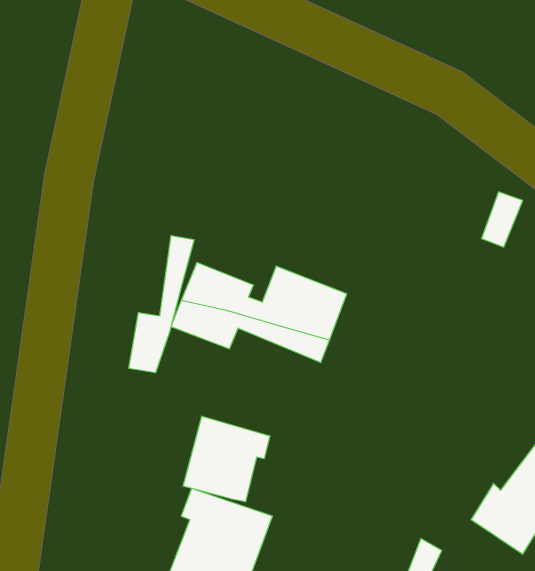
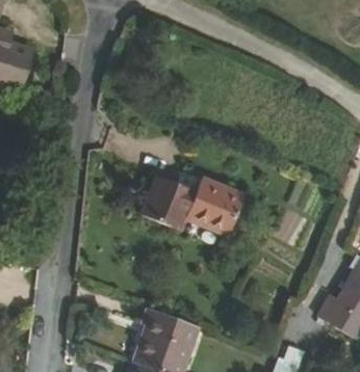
building: [129,235,194,373] -> none
building: [183,416,270,502] -> none

